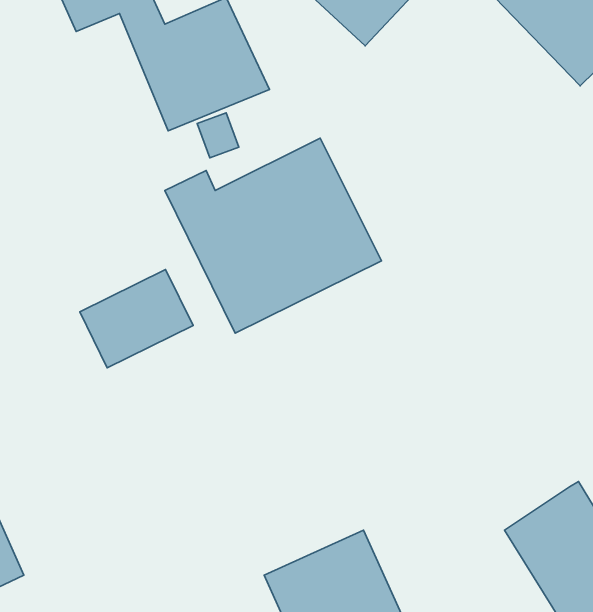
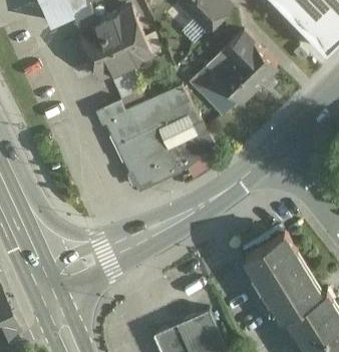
building: none -> [188,34,273,117]
building: [80,269,193,368] -> none
building: none -> [240,217,319,304]

